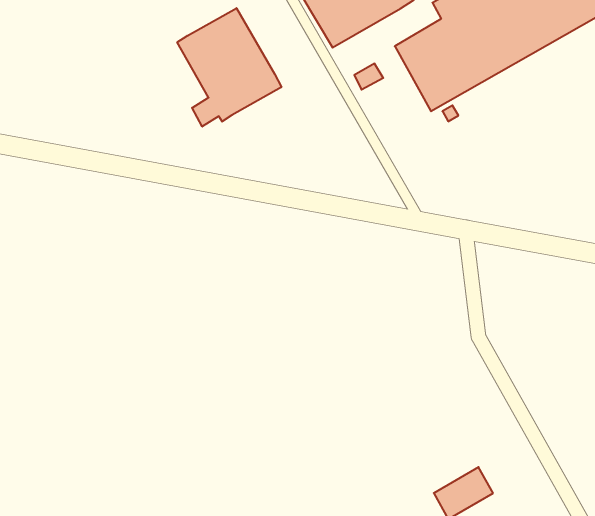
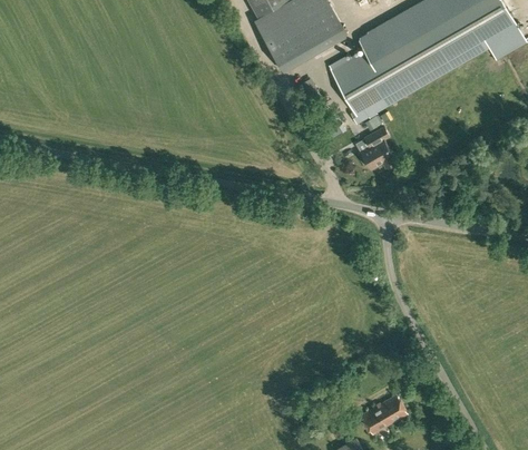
building: [177,8,281,127] -> none
building: none -> [358,127,393,168]

